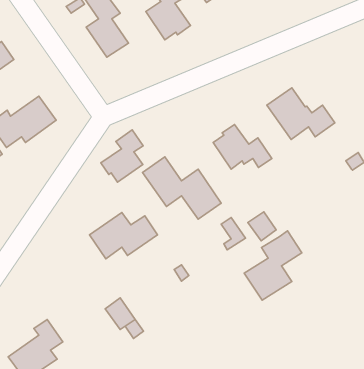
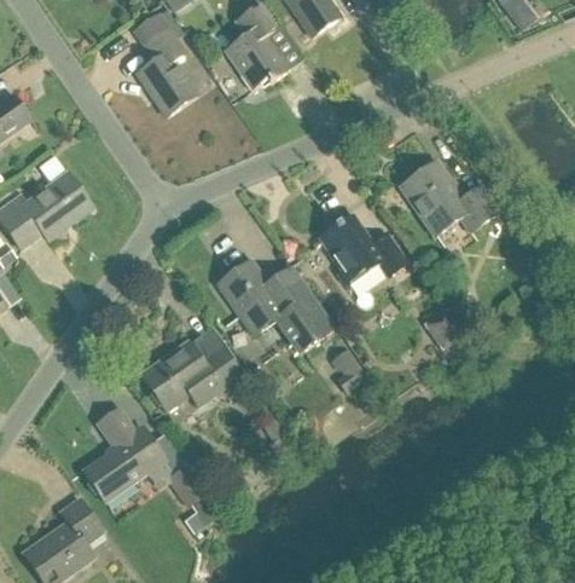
building: [101,130,143,182] -> none
building: [248,212,276,241] -> [423,307,464,350]
building: [244,231,302,300] -> none
building: none -> [83,408,167,501]

